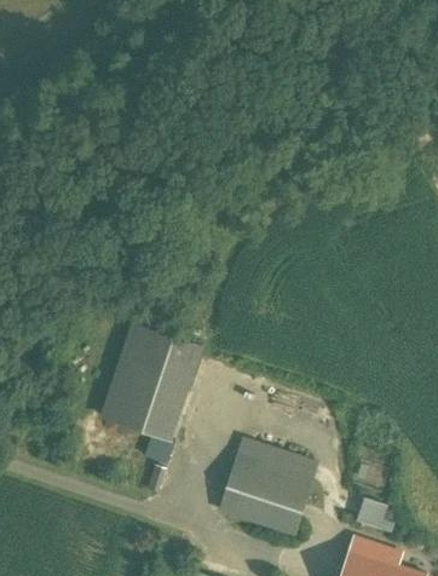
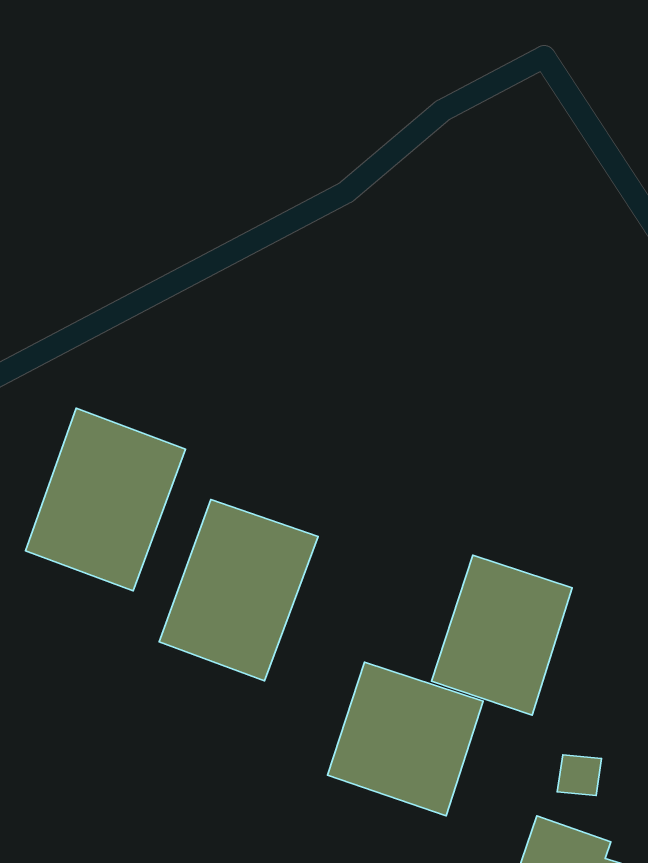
building: none -> [26,408,185,591]
building: none -> [431,555,572,715]

